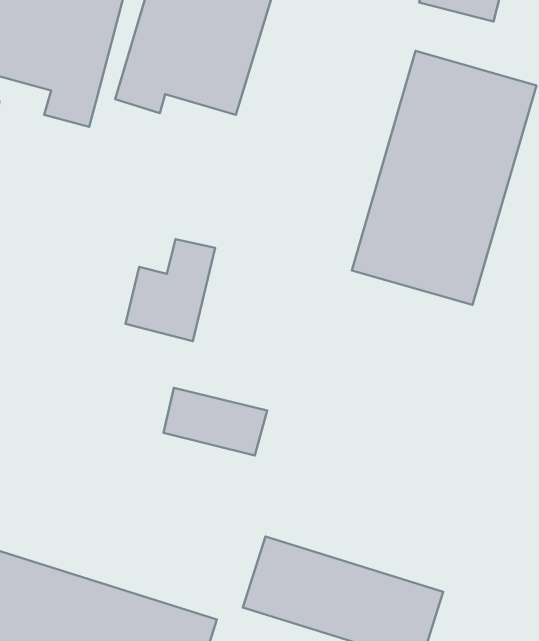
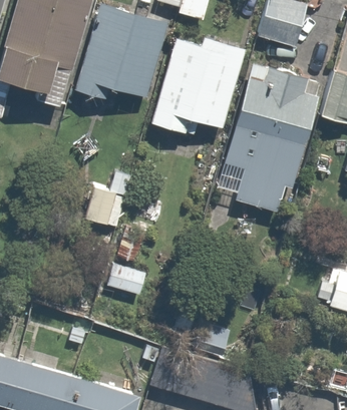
building: none -> [149,40,247,134]

